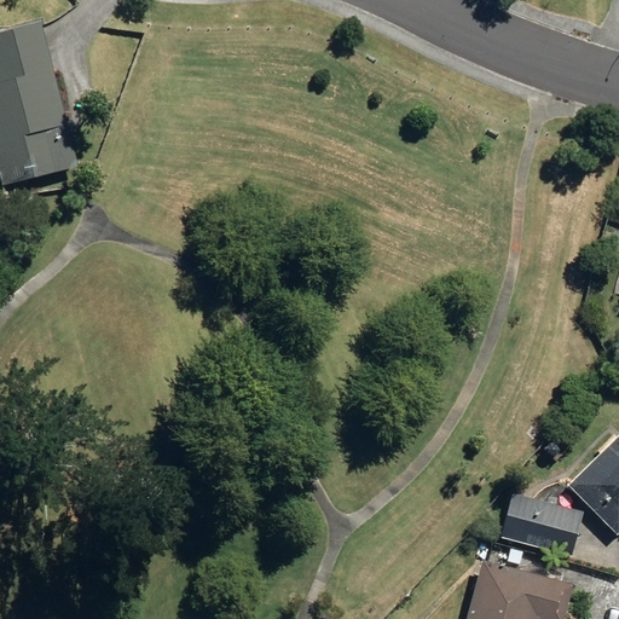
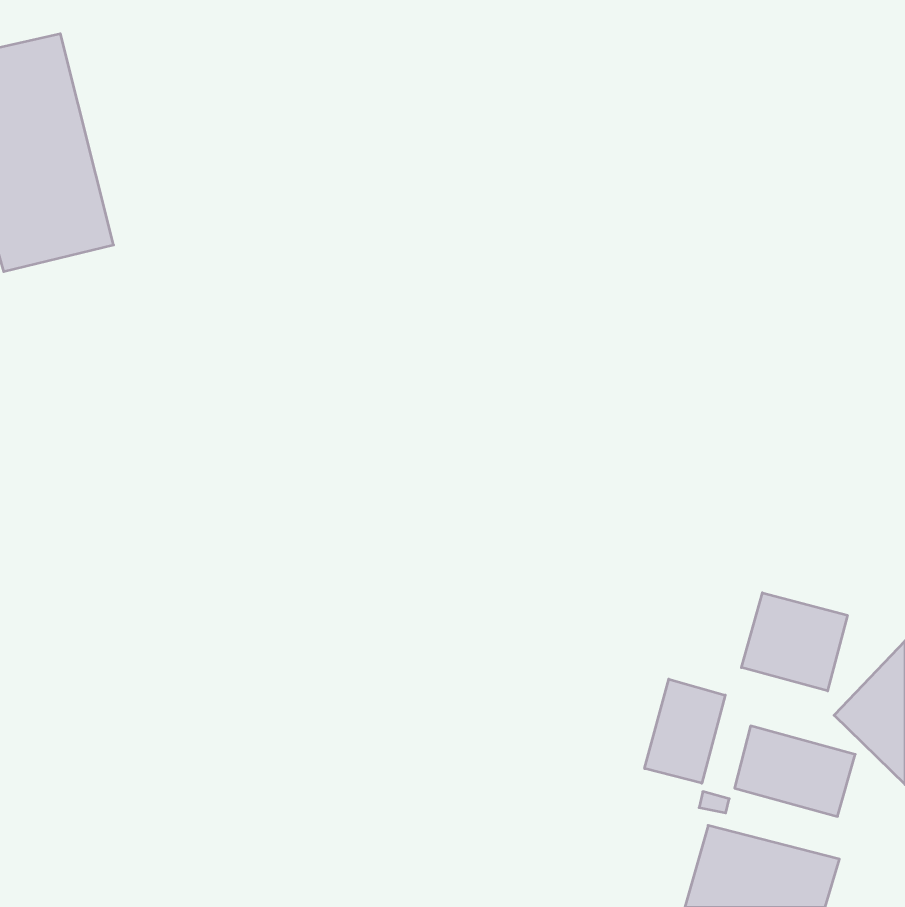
building: none -> [741,593,847,691]
building: none -> [645,679,725,783]

